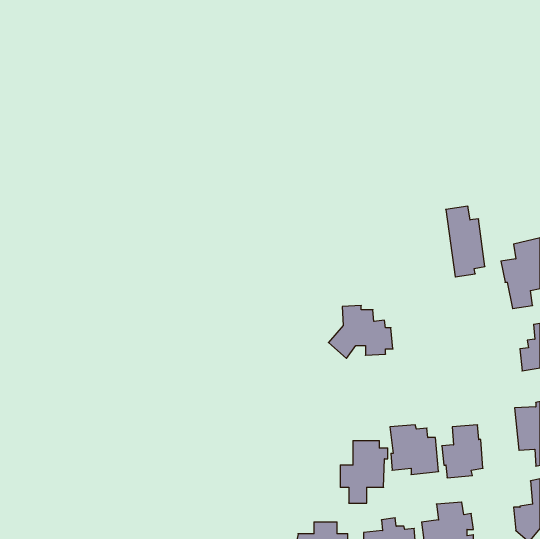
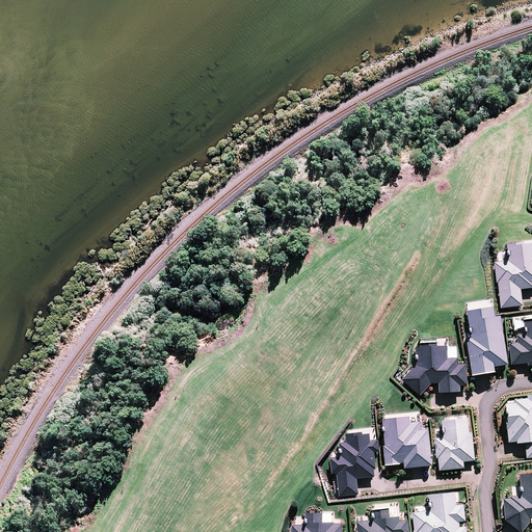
building: [446,206,485,277] -> [466,302,504,372]
building: [328,306,393,358] -> [403,344,467,396]

